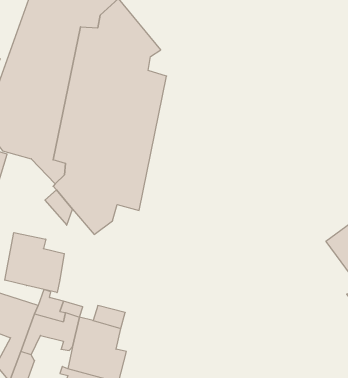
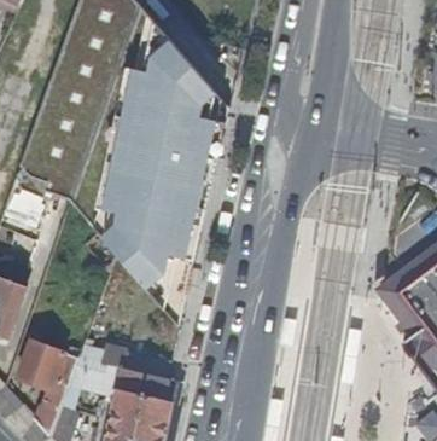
building: [5,233,64,293] -> none

